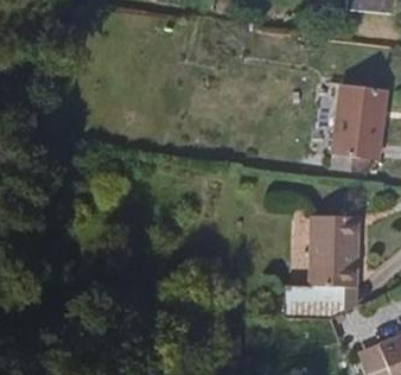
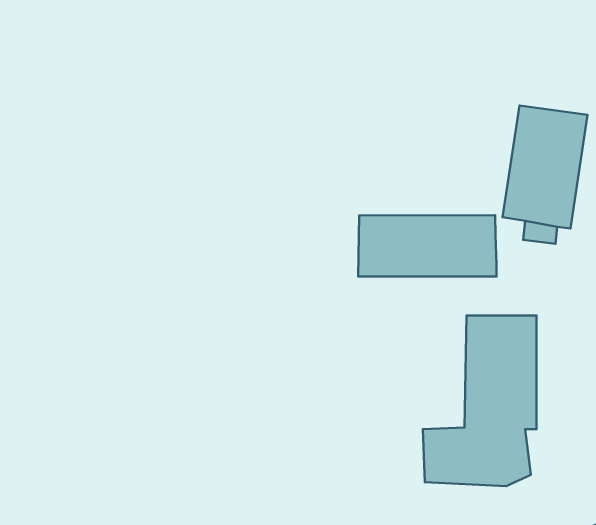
building: none -> [358,215,497,276]

